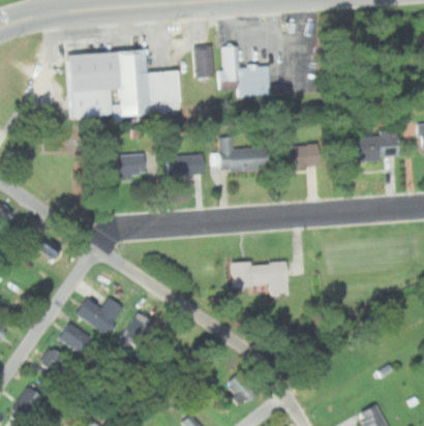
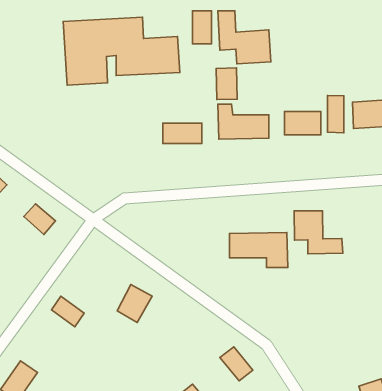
building: none -> [216,68,237,100]
building: none -> [327,95,344,133]
building: [118,154,153,176] -> none
building: none -> [294,211,343,254]
building: [75,298,121,333] -> none
building: [36,346,64,374] -> none

